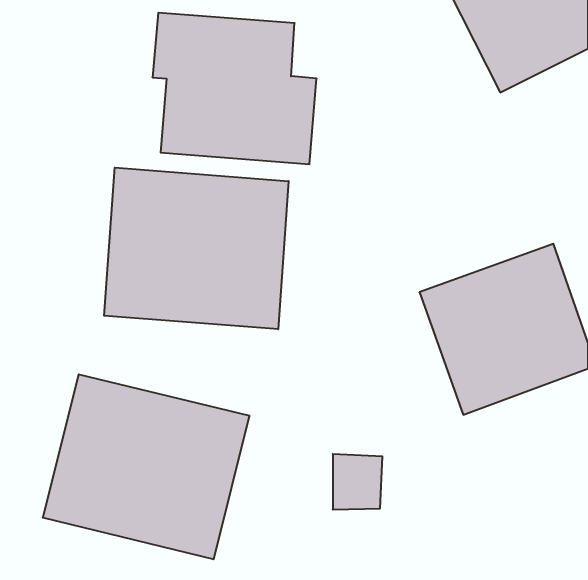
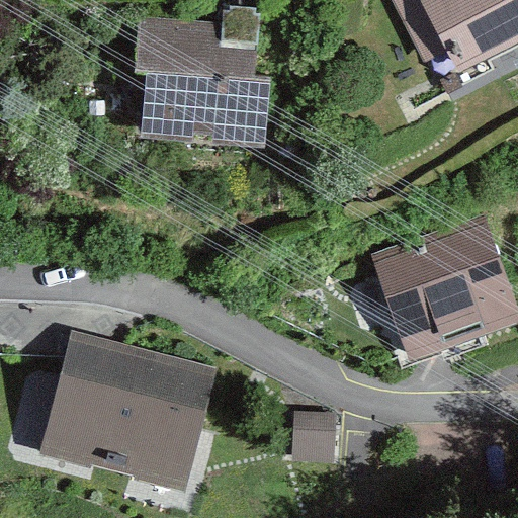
building: [104,168,289,329] -> none

